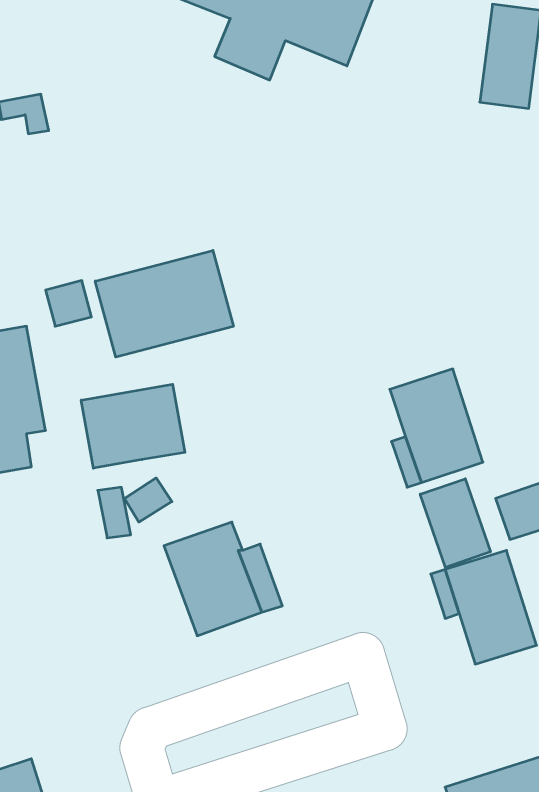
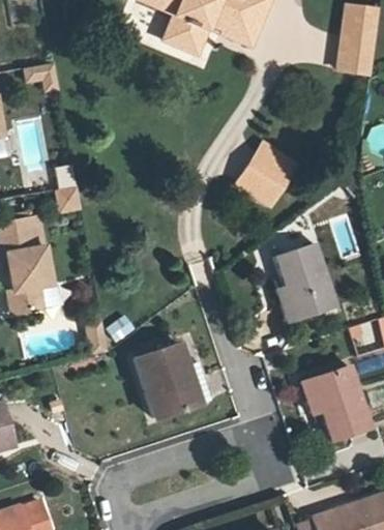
building: none -> [235,144,296,210]
building: [95,250,233,357] -> none
building: [81,384,185,468] -> none
building: [420,479,490,567] -> none

